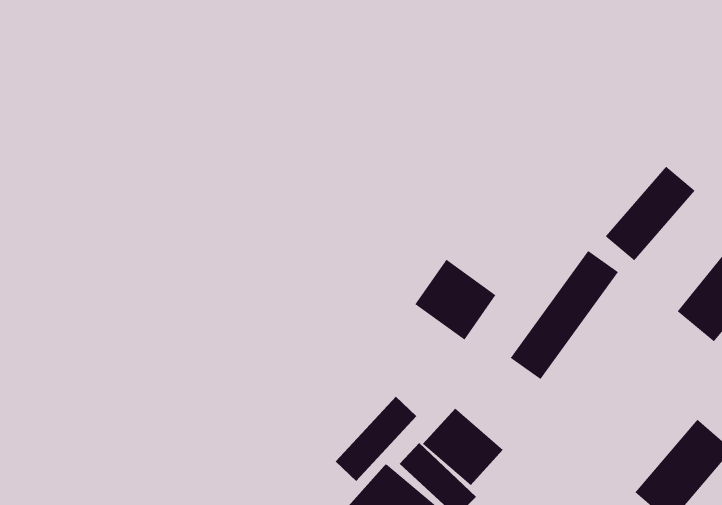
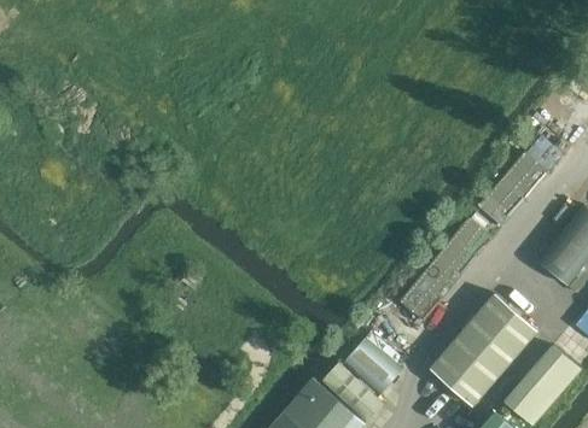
building: [415,259,496,341] -> none
building: none -> [430,294,537,406]
building: [335,396,417,482] -> none

